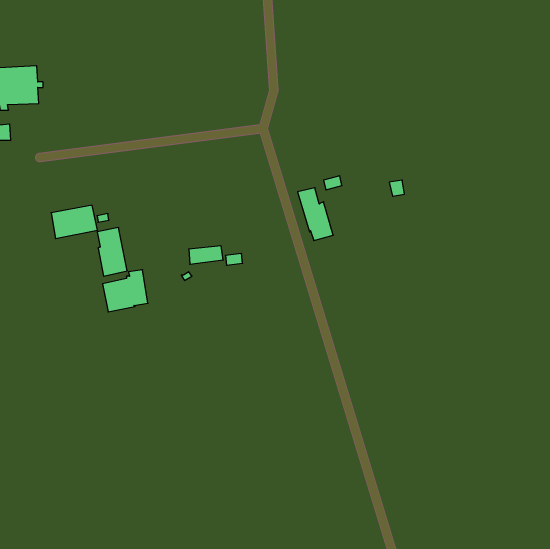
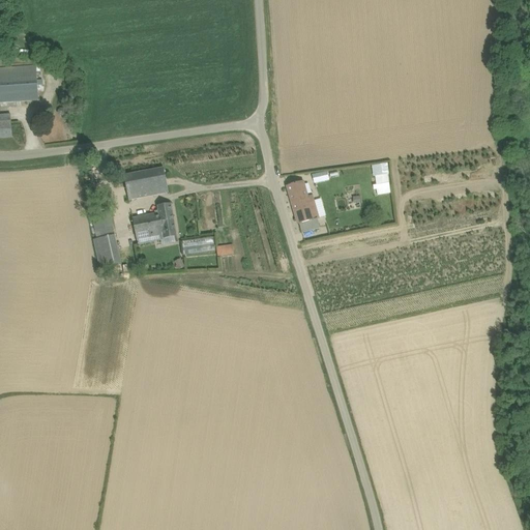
building: [51,205,97,239] -> [123,167,168,199]
building: [103,270,148,312] -> [131,203,175,243]

